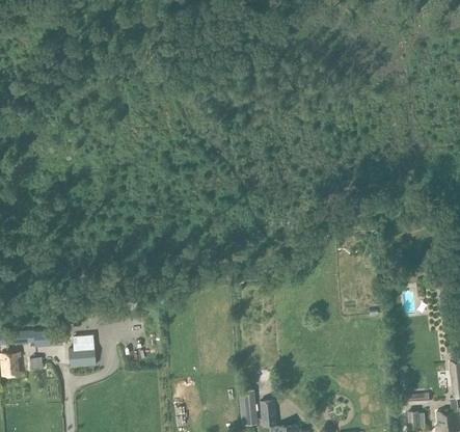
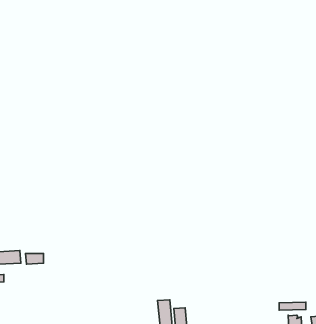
building: [66,347,96,367] -> none

